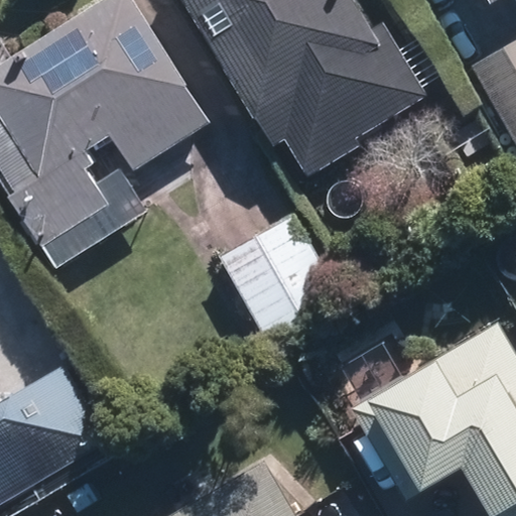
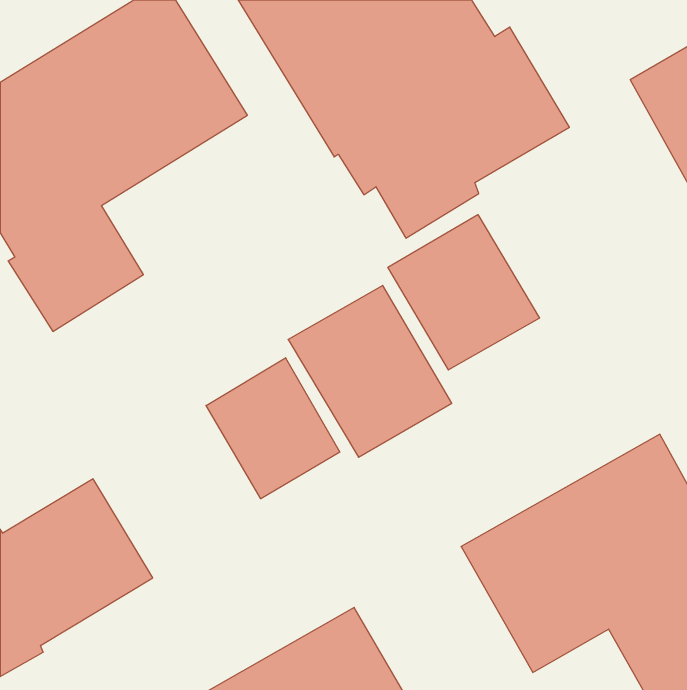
building: none -> [388,215,540,370]
building: none -> [206,358,340,499]

